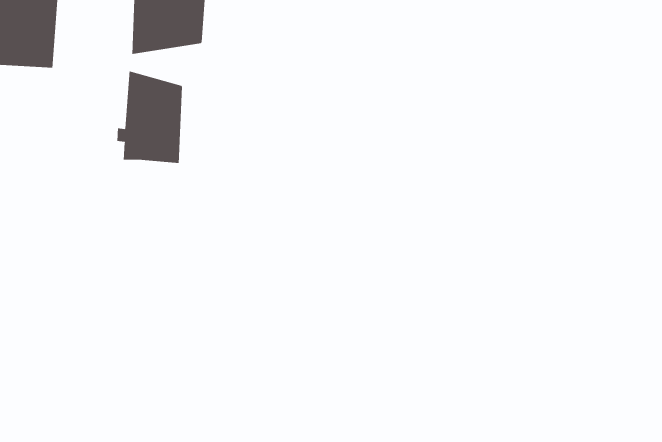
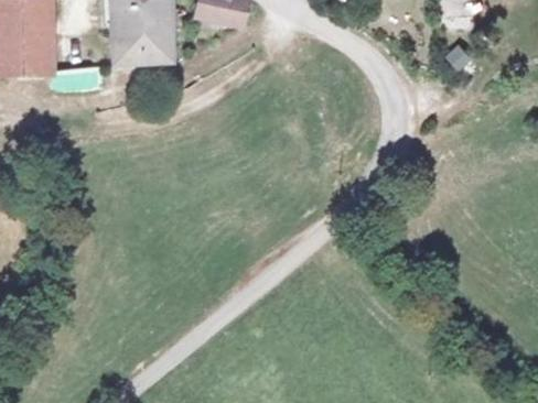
building: [117,71,183,164] -> none

